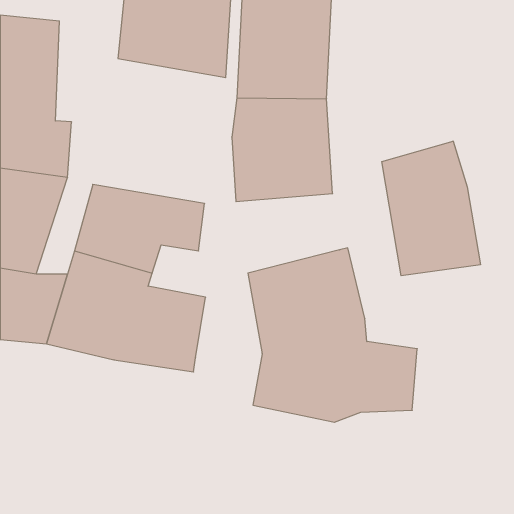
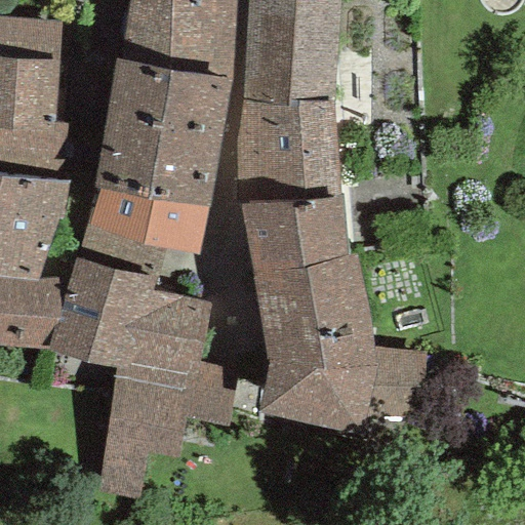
building: none -> [95,58,231,207]
building: [382,141,480,276] -> none
building: none -> [241,197,347,278]
building: none -> [98,364,237,498]

